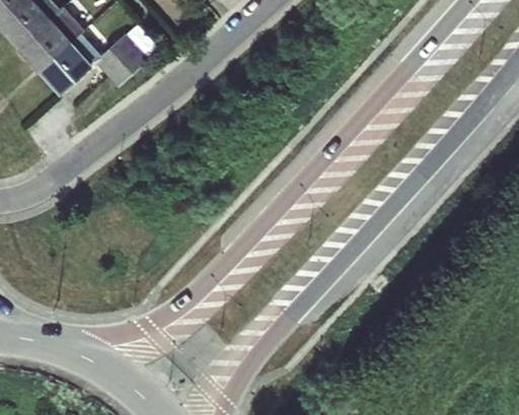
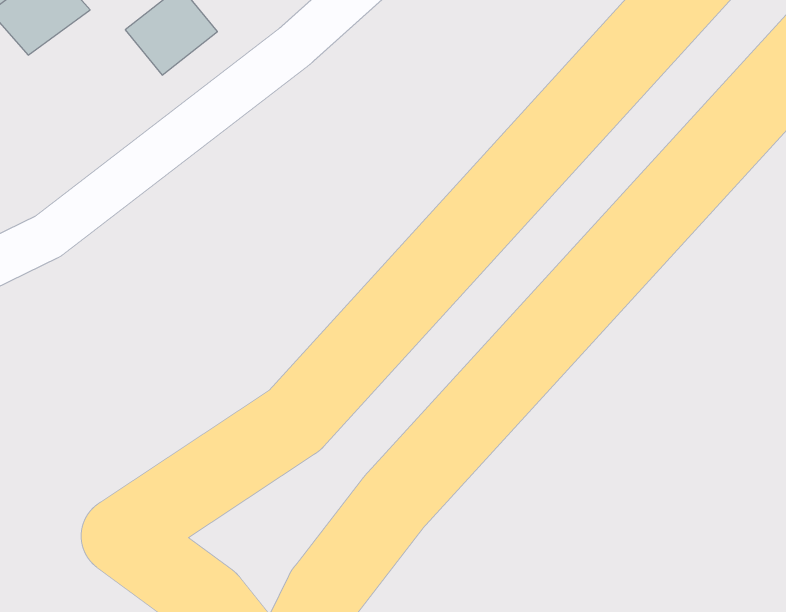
building: [38,43,94,94] -> none

